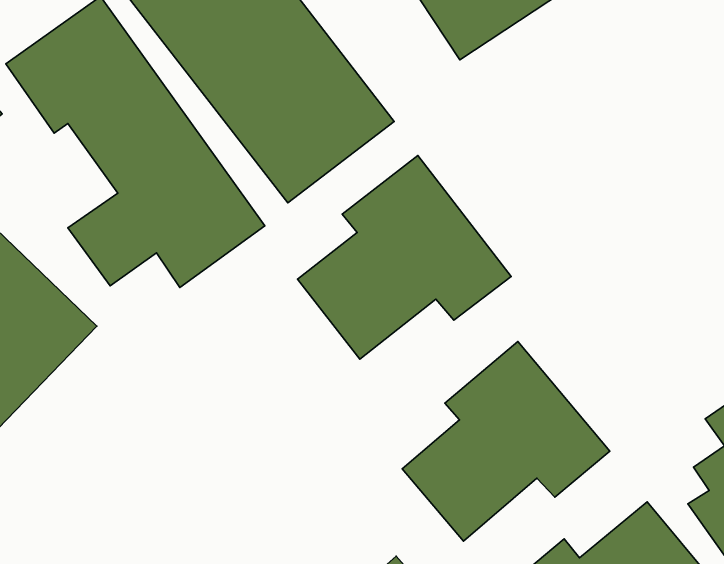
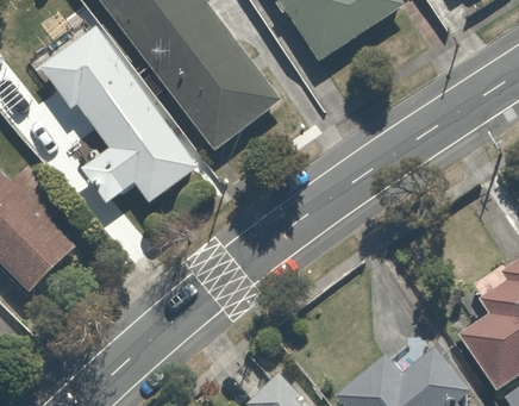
building: [298,156,511,359] -> none
building: [402,342,610,541] -> none

